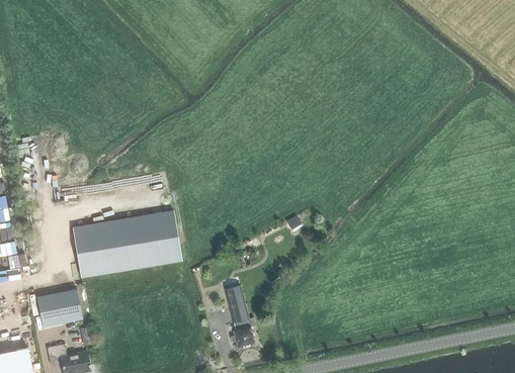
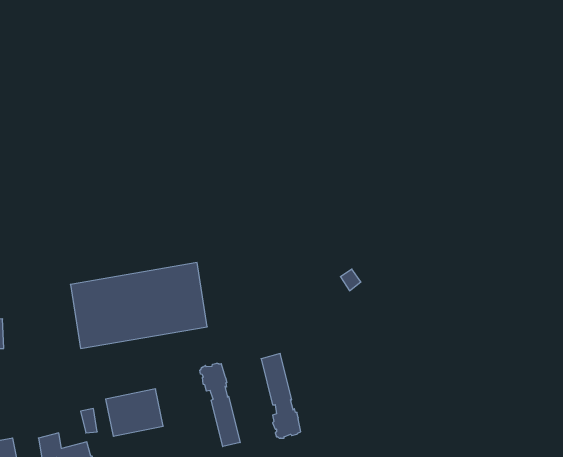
building: [36,289,82,327] -> [106,389,163,436]
building: none -> [200,363,240,447]

